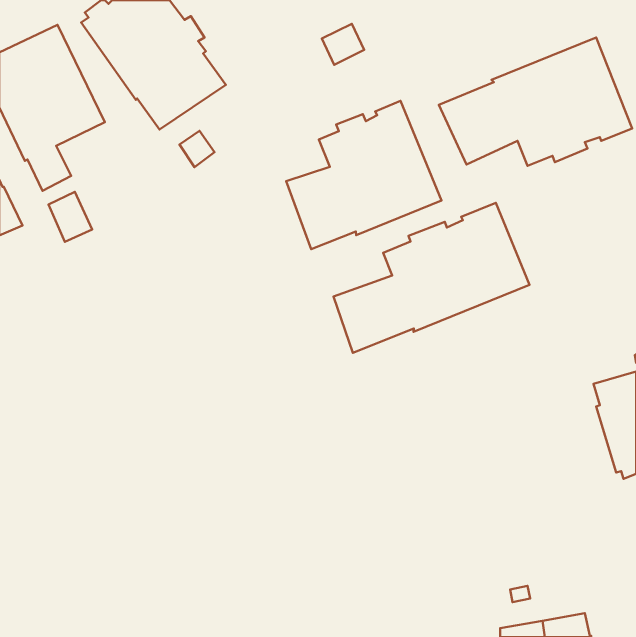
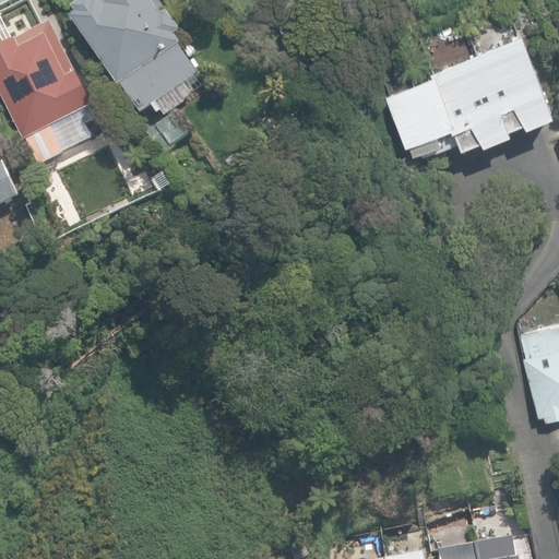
building: [286,101,441,249] -> none
building: [334,203,530,353] -> none

